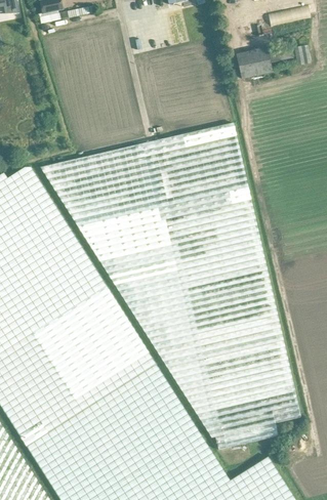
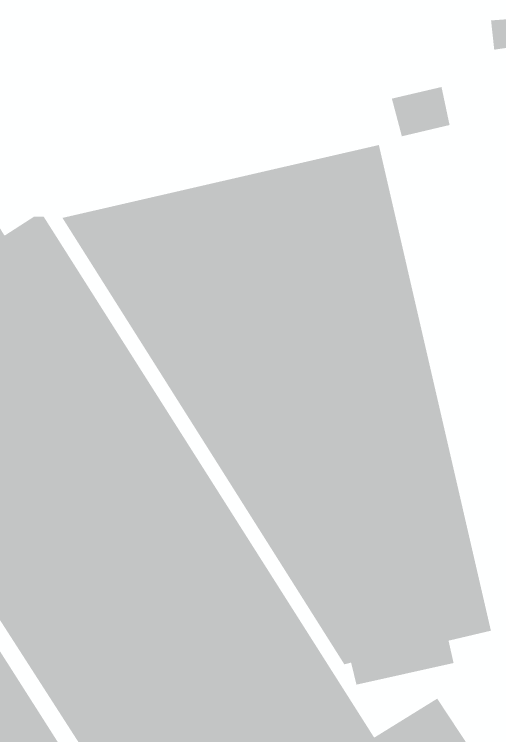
building: [235,48,271,79] -> [391,86,451,137]

